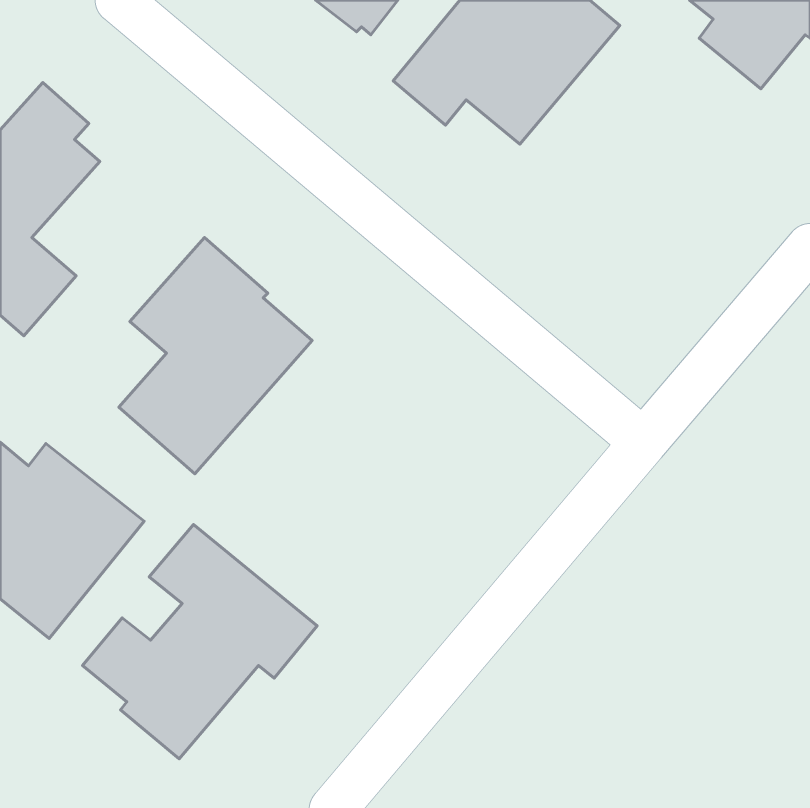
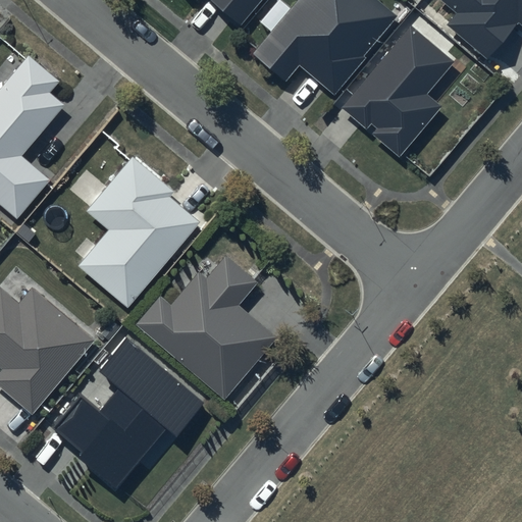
building: none -> [338,21,454,155]
building: none -> [135,254,277,399]

